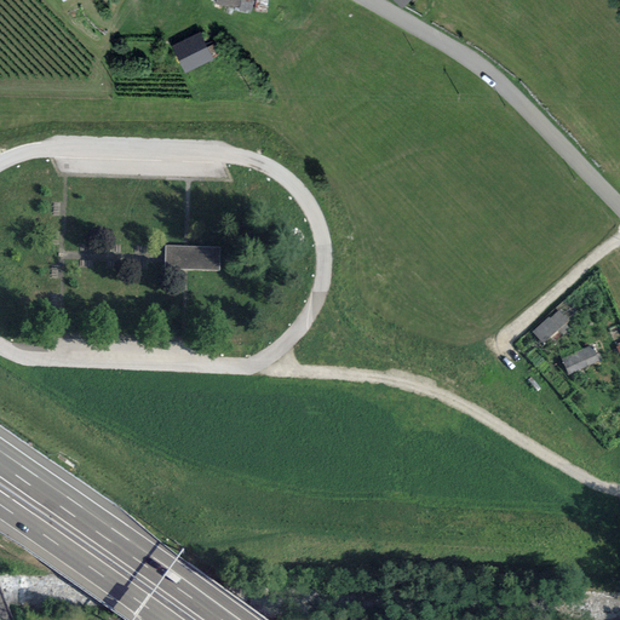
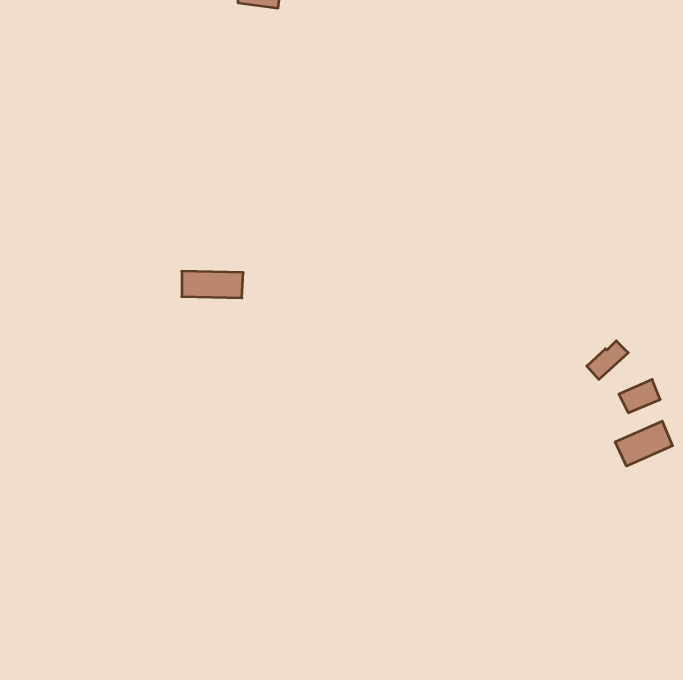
building: [171,28,220,69] -> none
building: none -> [615,421,673,466]

